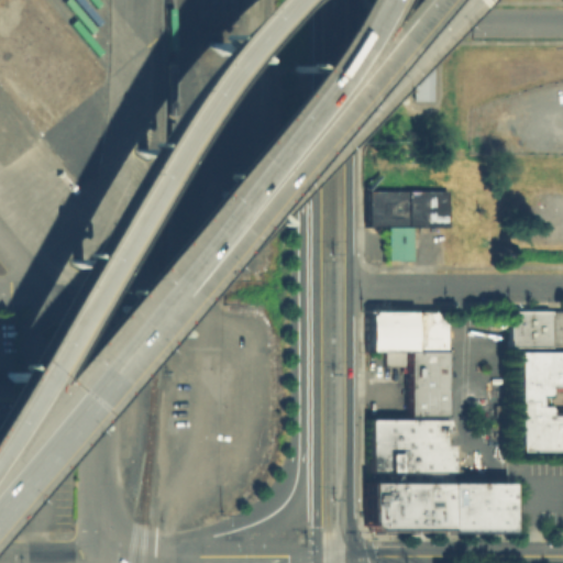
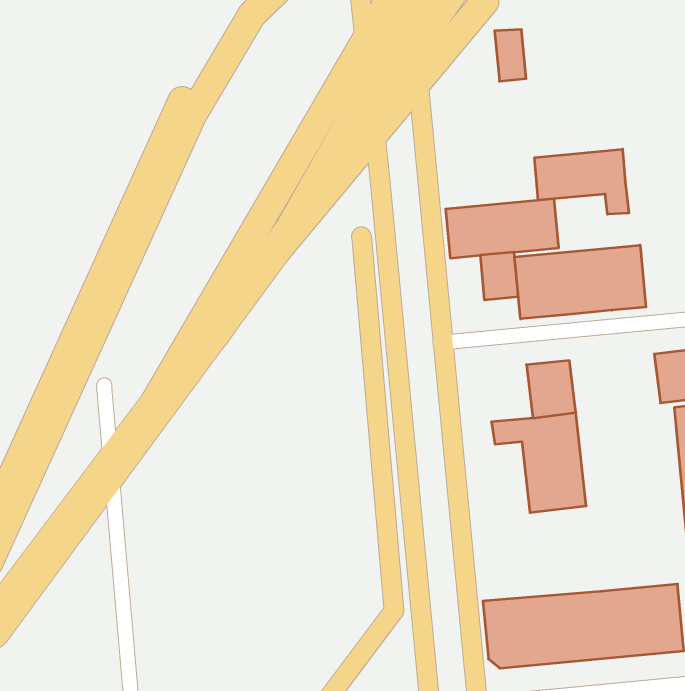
building: none -> [535,149,629,214]
building: none -> [515,245,646,319]
building: [373,311,421,351] -> none
building: [373,419,459,483] -> none

